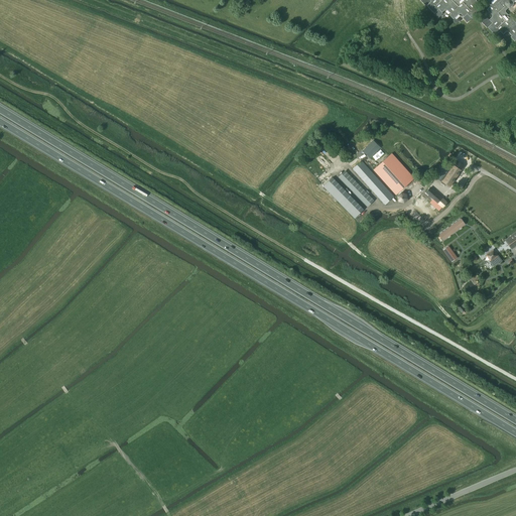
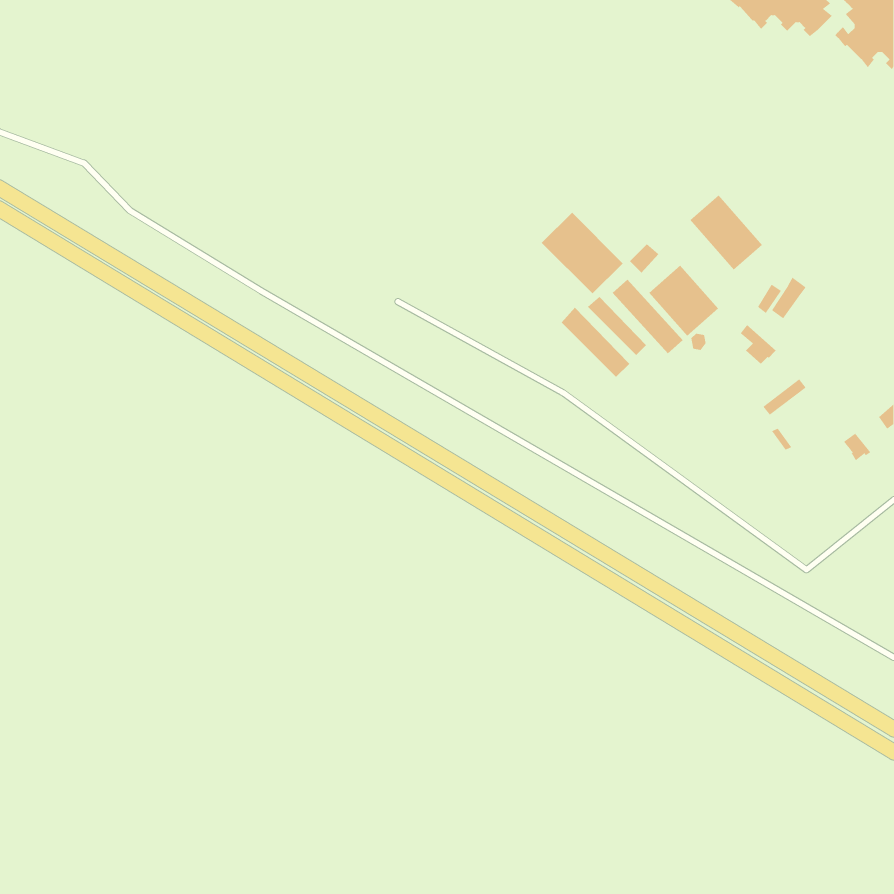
building: none -> [689,195,763,270]
building: none -> [541,212,624,294]

